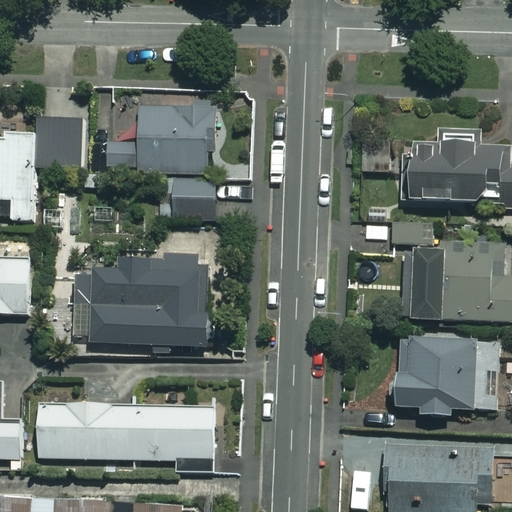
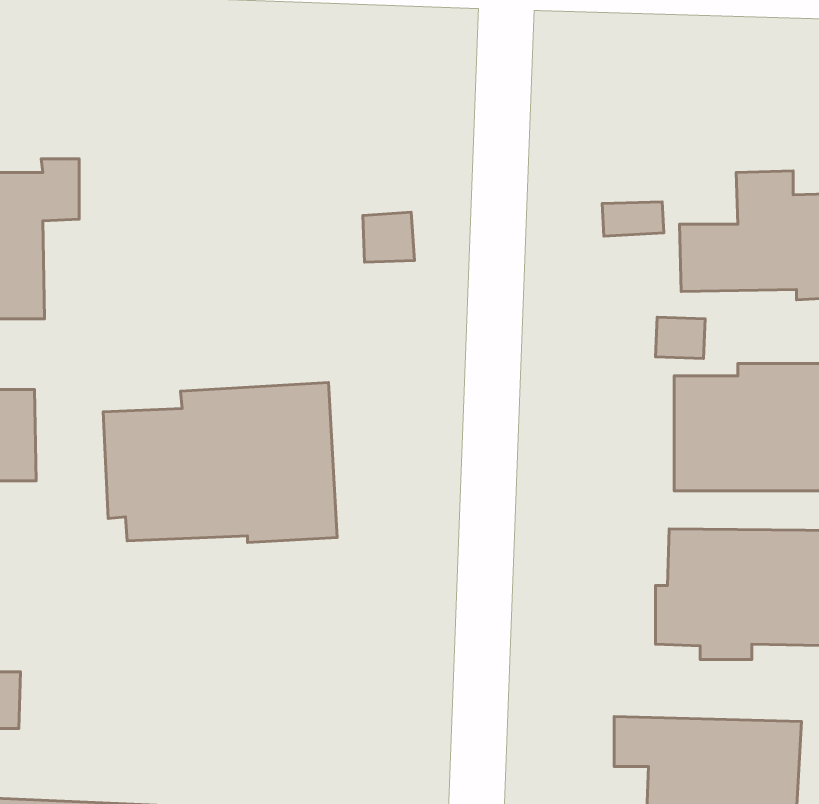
building: [106,103,214,215] -> none
building: [37,402,215,457] -> none

